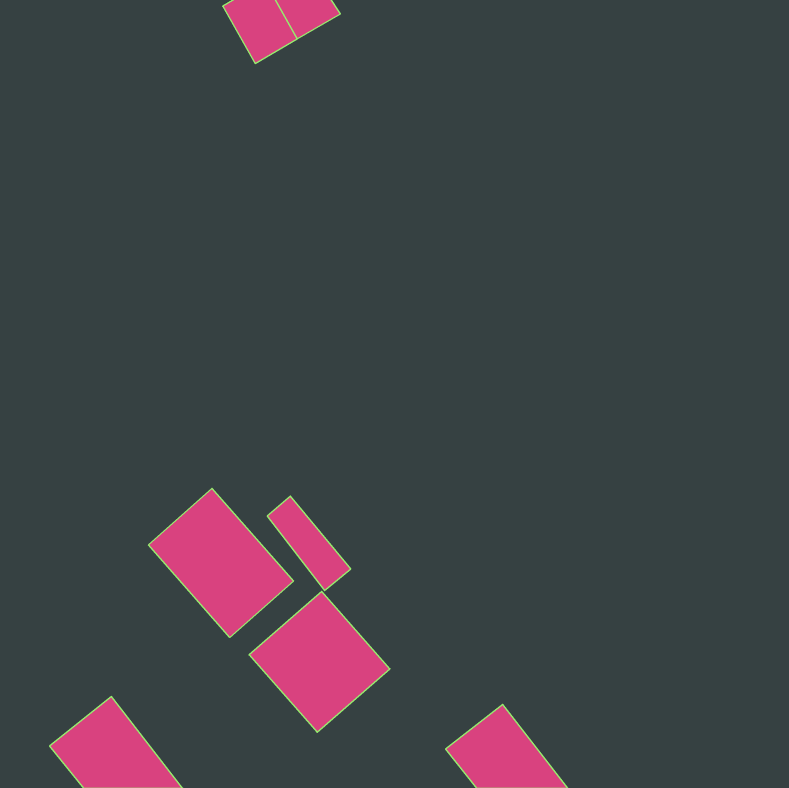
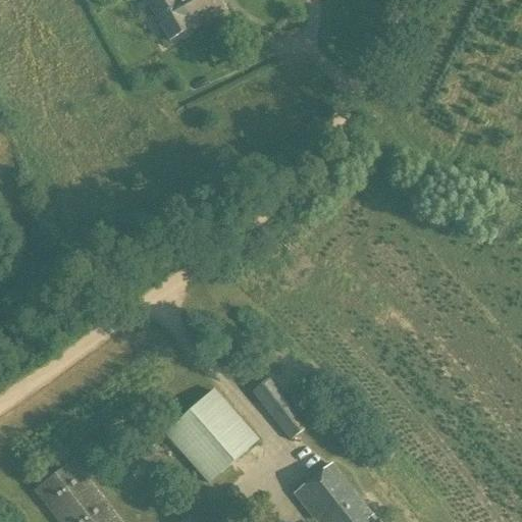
building: [149,488,293,637] -> none
building: [267,496,351,591] -> [253,378,308,440]

